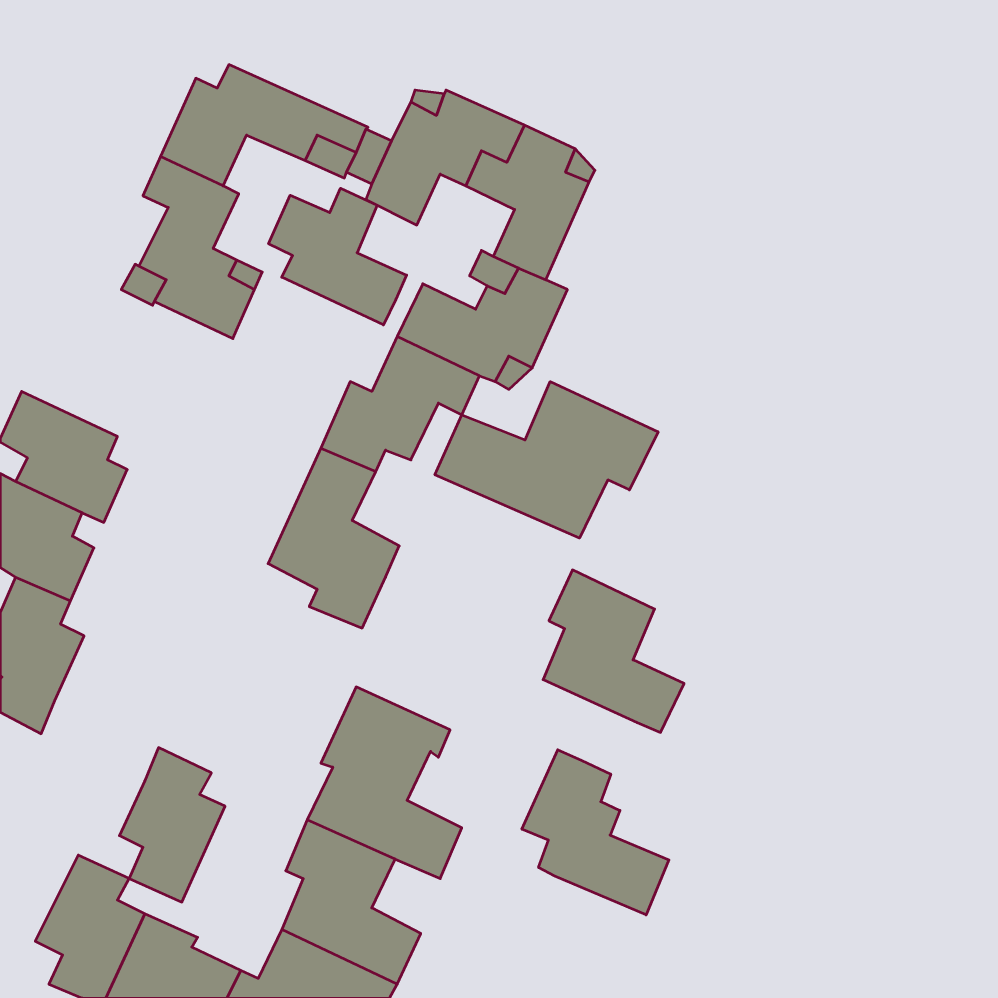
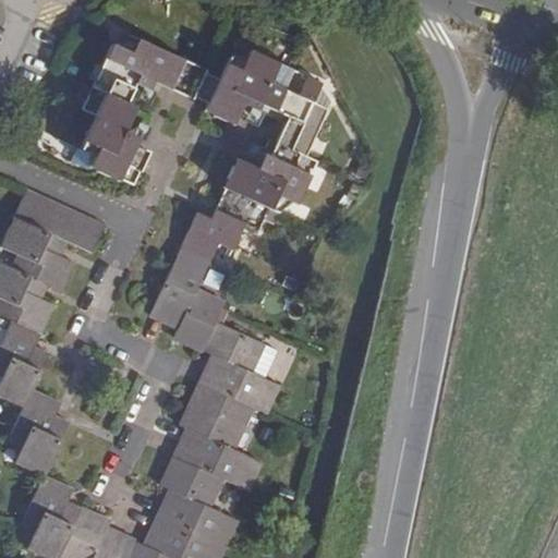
building: [269,188,407,325] -> none
building: none -> [13,190,96,251]
building: [435,382,658,538] -> none
building: [543,570,684,732] -> [199,322,278,412]
building: [119,748,225,902] -> [10,390,69,476]
building: [522,750,669,915] -> none

